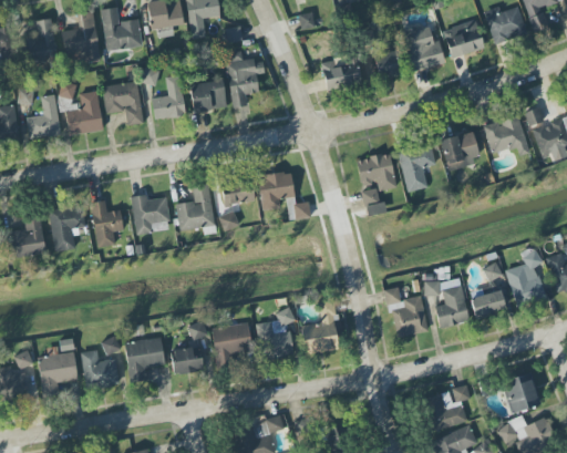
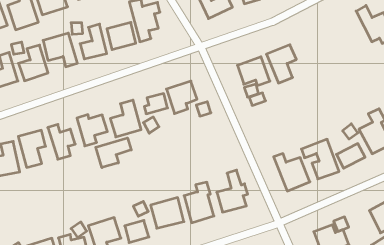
building: [484,114,530,156] -> none
building: [441,132,481,169] -> none
building: none -> [96,138,131,168]

